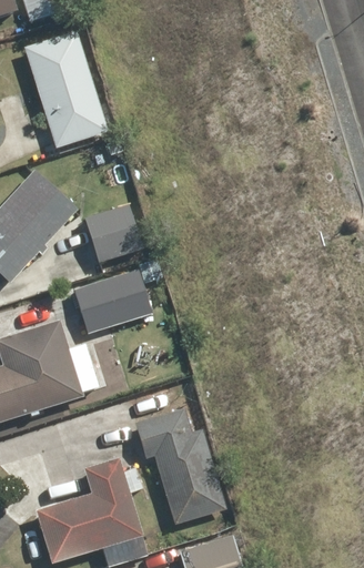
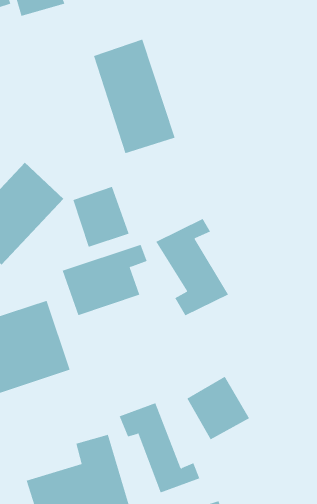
building: [23,30,110,151] -> [93,39,176,154]
building: none -> [156,218,229,316]
building: none -> [186,376,250,440]

